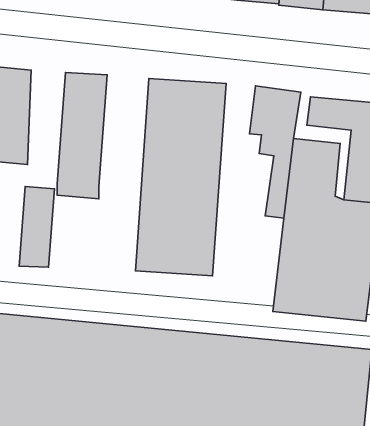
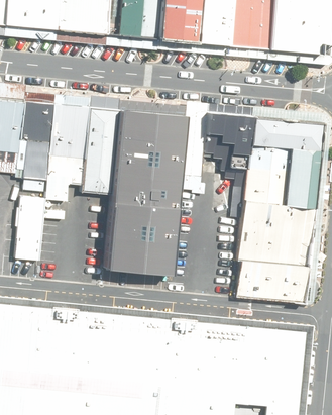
building: none -> [21,99,56,193]
building: none -> [83,103,124,197]

